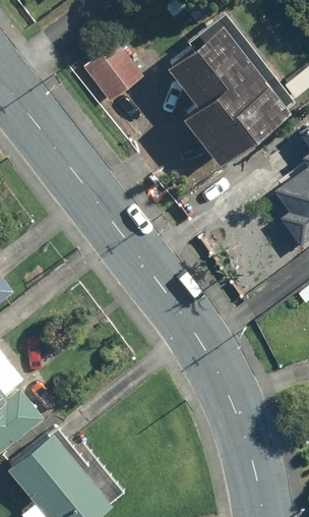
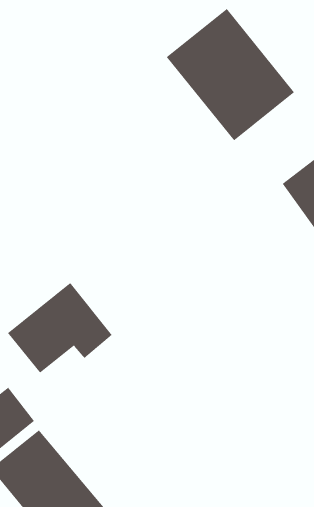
building: [84,51,139,105] -> none
building: none -> [7,282,113,374]

